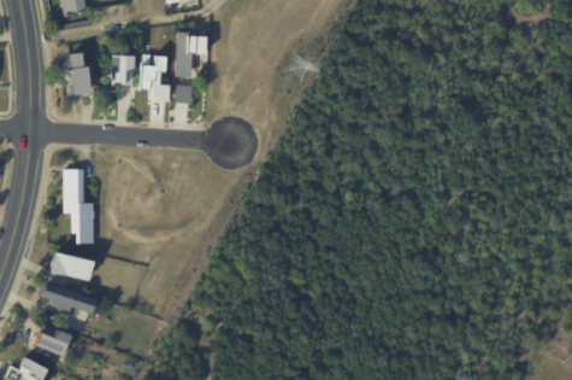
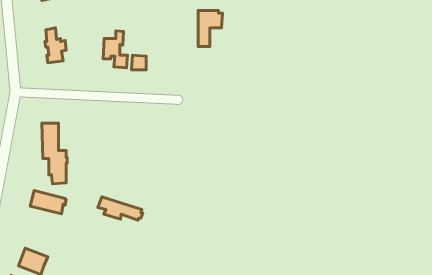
building: [176,31,206,76] -> [198,10,223,46]
building: [110,53,134,84] -> none
building: [41,283,96,312] -> [98,197,143,220]

